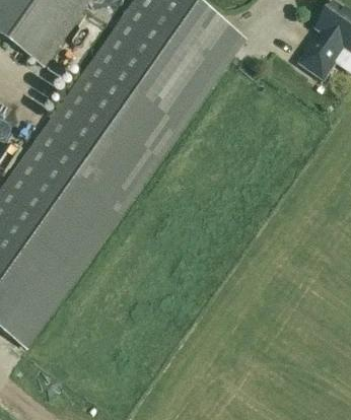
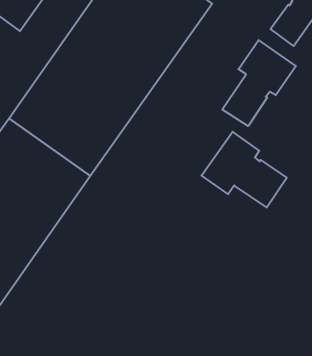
building: none -> [222,40,296,126]
building: none -> [201,132,287,208]

